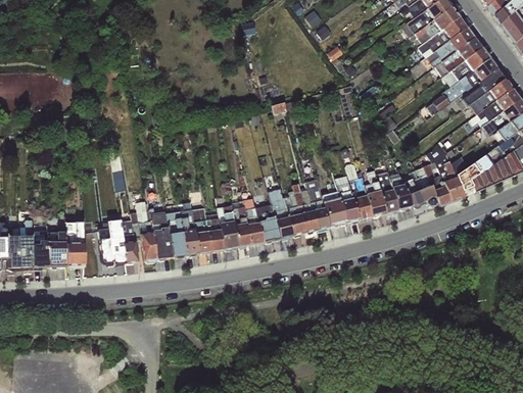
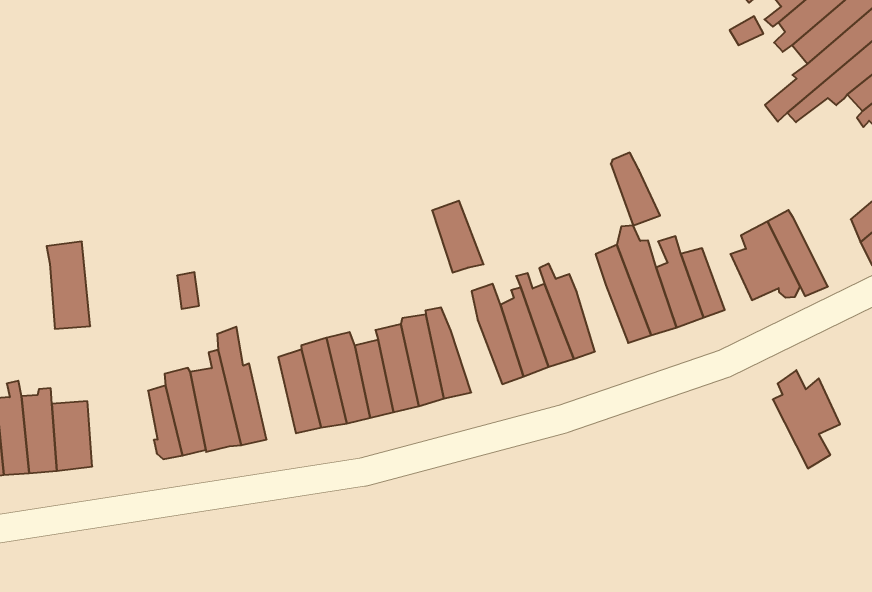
building: [437,151,471,202] -> [773,370,840,468]
building: [389,173,413,210] -> [611,153,660,226]
building: [323,193,347,227] -> none
building: [256,206,281,243] -> [432,201,484,273]
building: [149,208,173,259] -> none
building: [65,223,85,266] -> [47,242,90,329]

